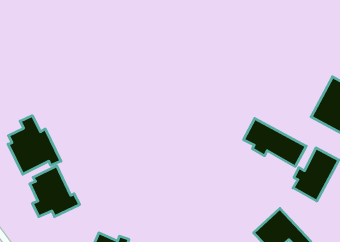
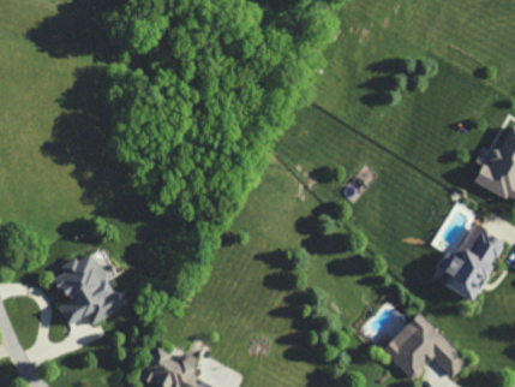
building: [8,116,61,174] -> none
building: [244,118,306,166] -> none

